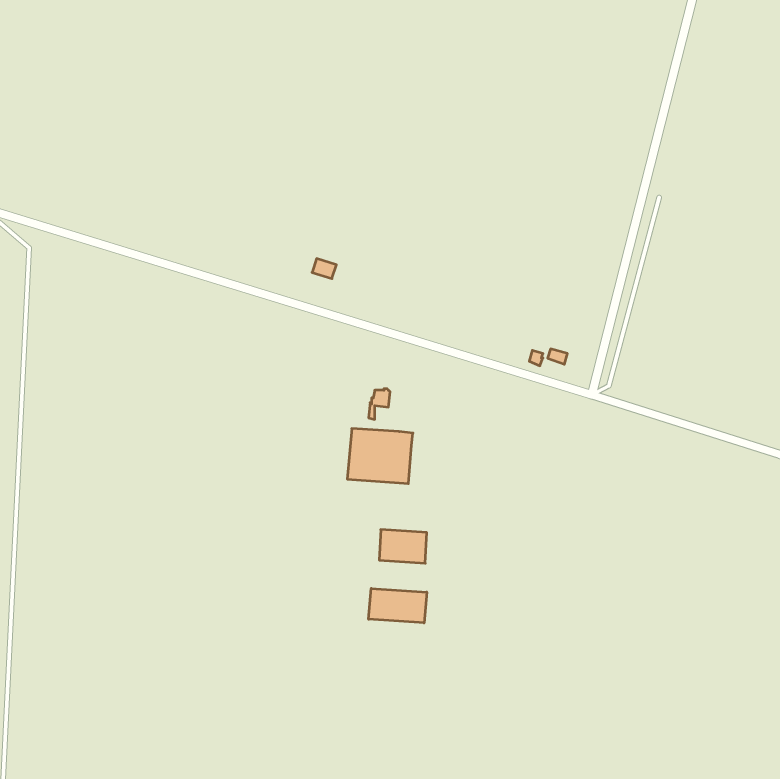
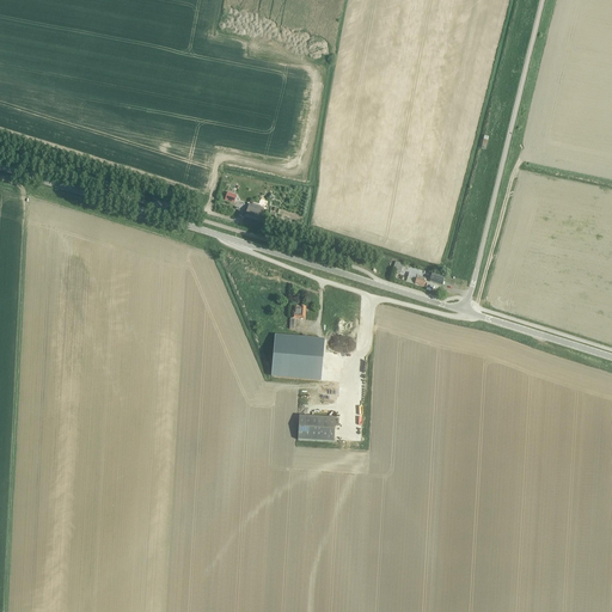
building: [369,588,427,623] -> none

